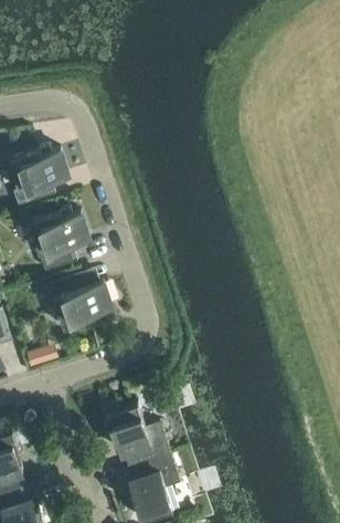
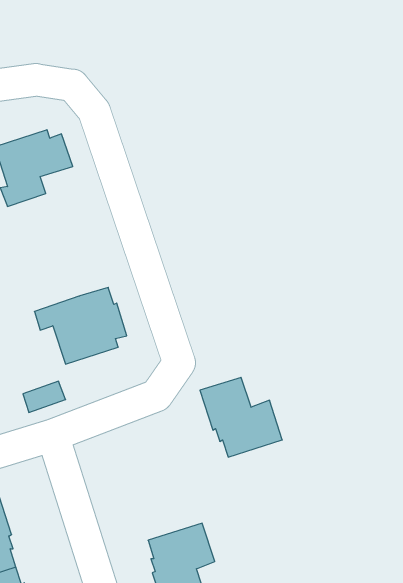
building: [29,210,89,272] -> none
building: [106,405,170,467] -> [200,377,282,457]

